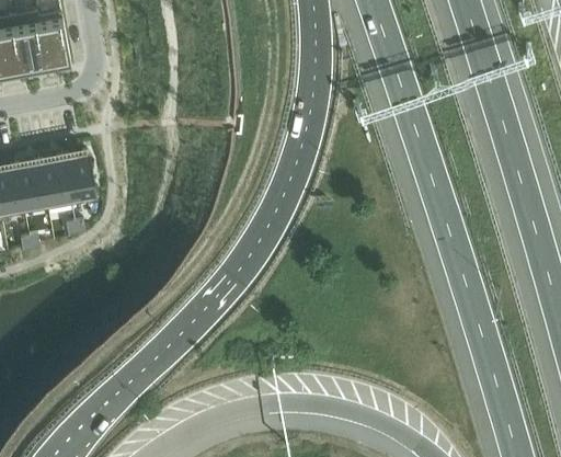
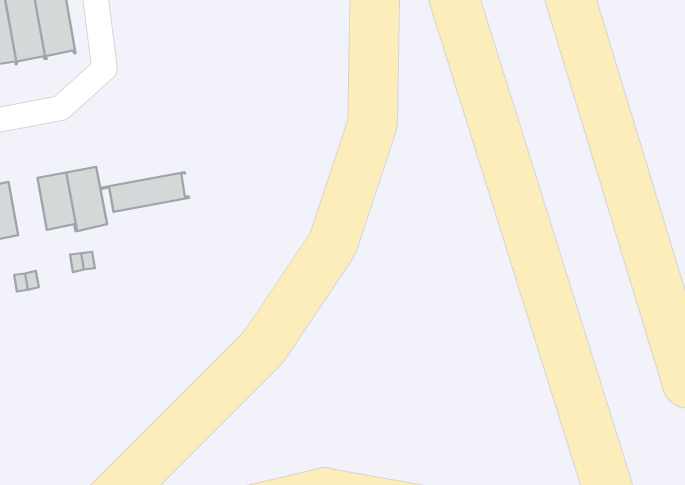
building: none -> [100,172,189,212]
building: [16,164,47,210] -> none

